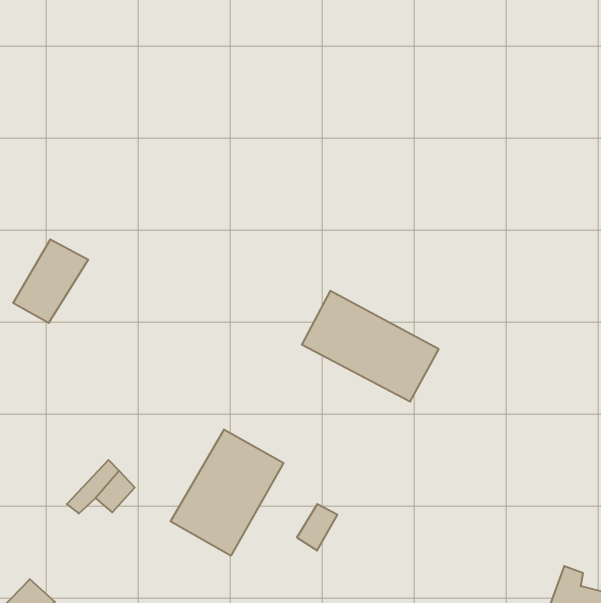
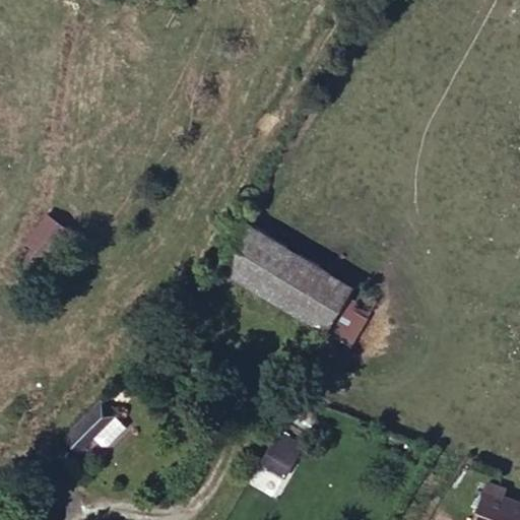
building: none -> [216,229,288,299]
building: [171,429,283,556] -> none

